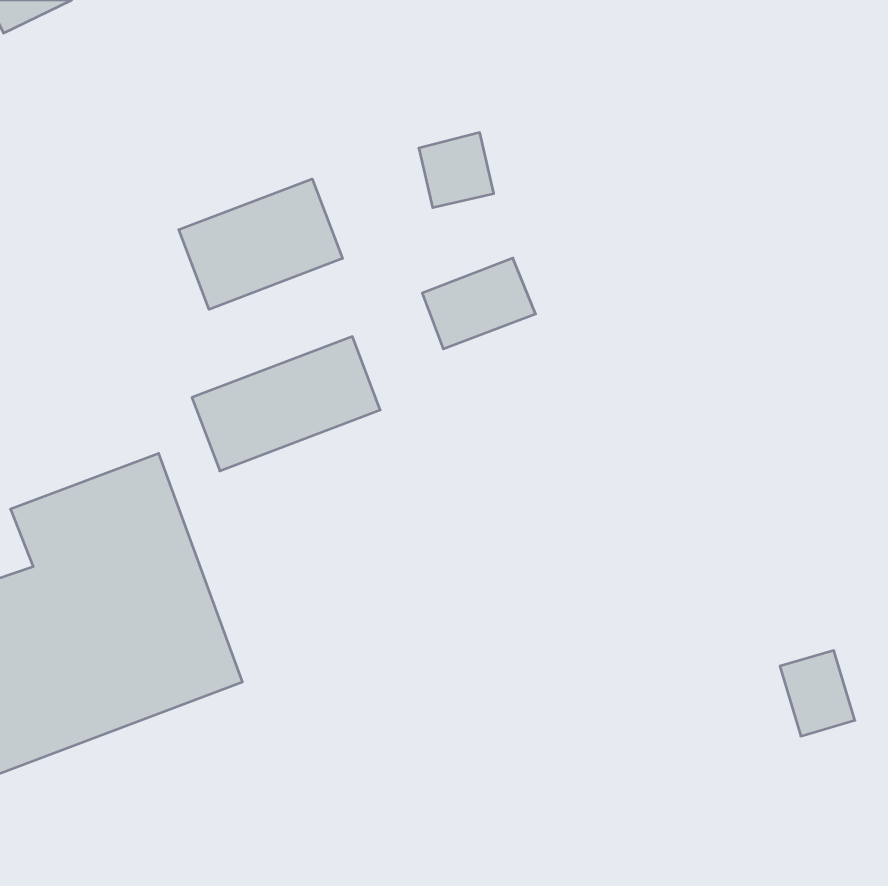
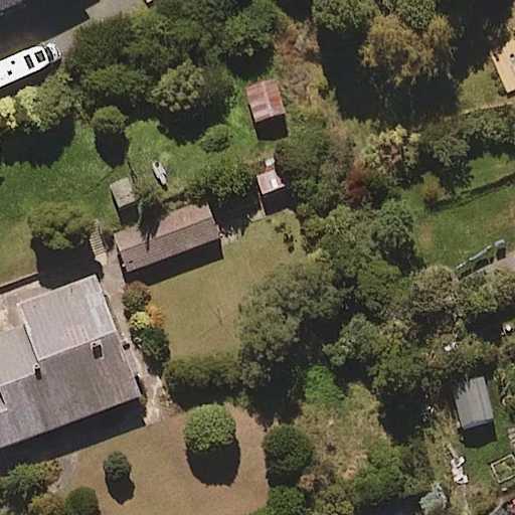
building: [179,179,342,309] -> none

